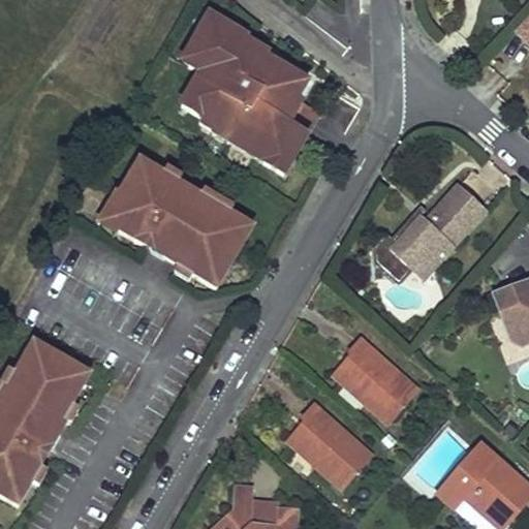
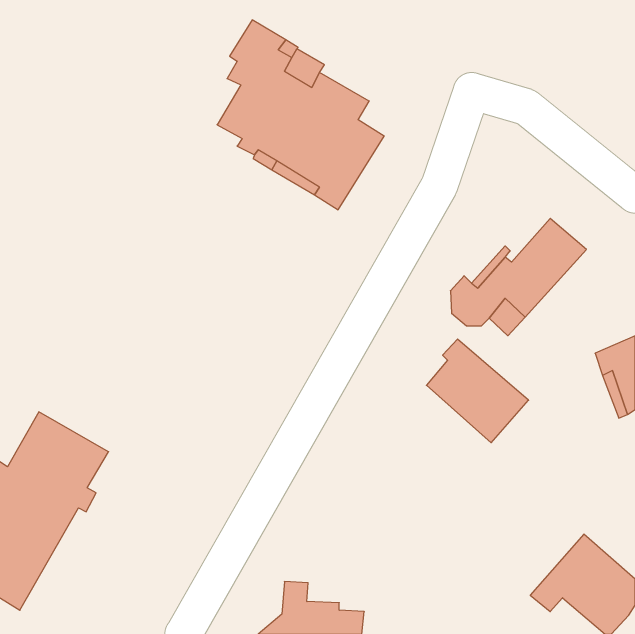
building: [99,158,252,288] -> none
building: [334,335,418,421] -> [426,339,529,443]
building: [288,402,372,486] -> none

